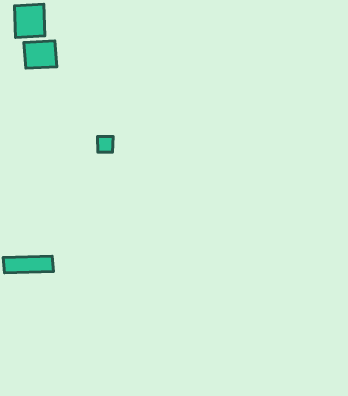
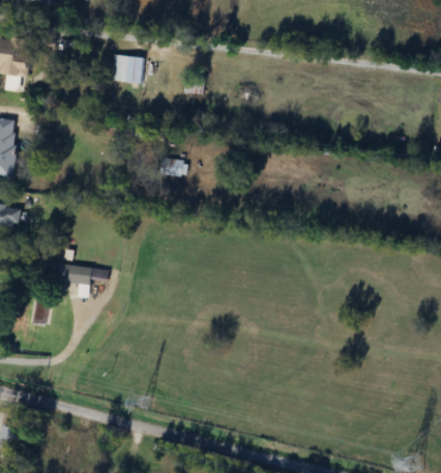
building: [14,4,45,37] -> none

